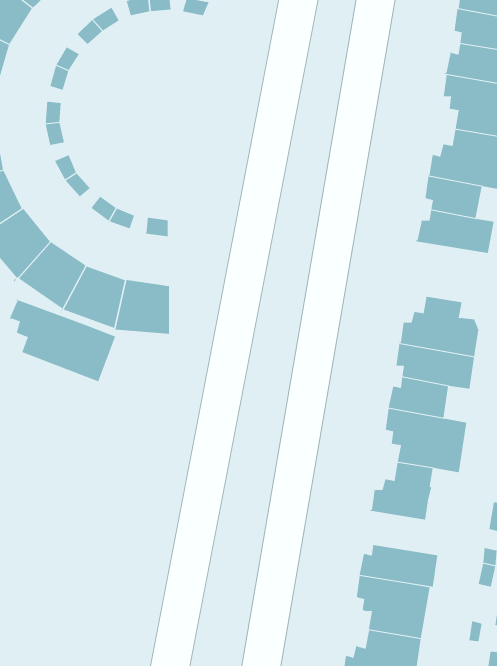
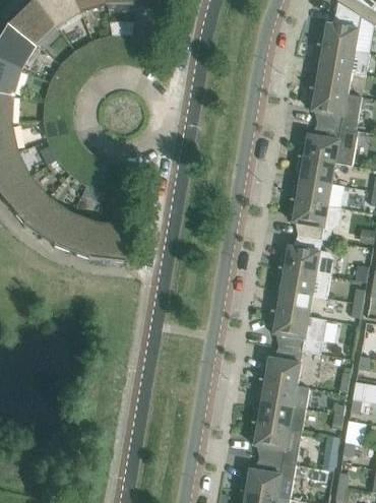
building: none -> [290,199,340,241]
building: [9,299,116,382] -> none
building: none -> [258,379,310,408]

